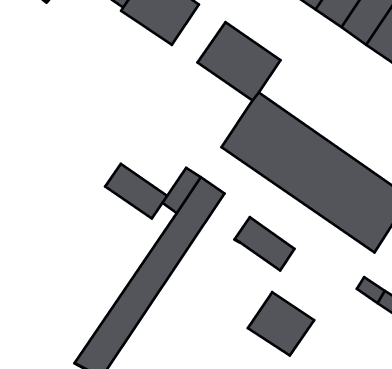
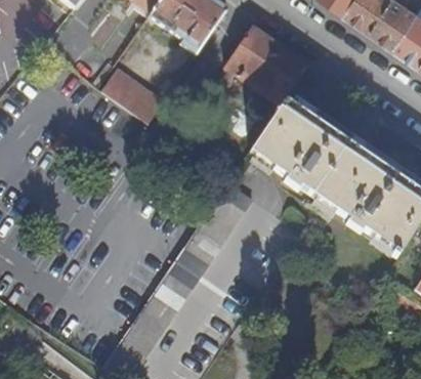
building: [105,164,167,219] -> [102,70,164,124]
building: [235,217,295,271] -> none
building: [248,292,314,355] -> none

